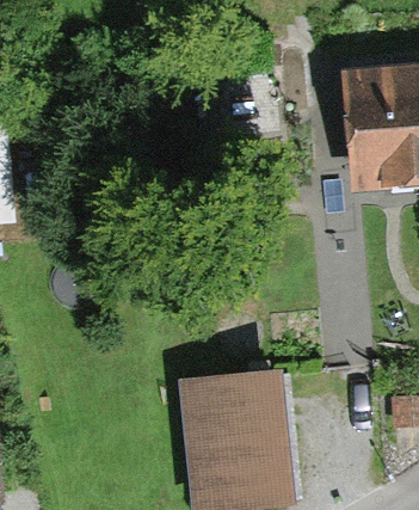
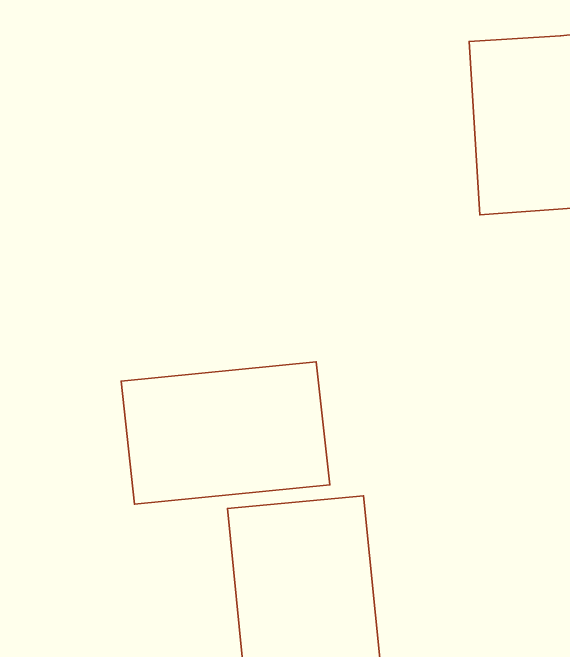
building: none -> [121,362,330,504]

